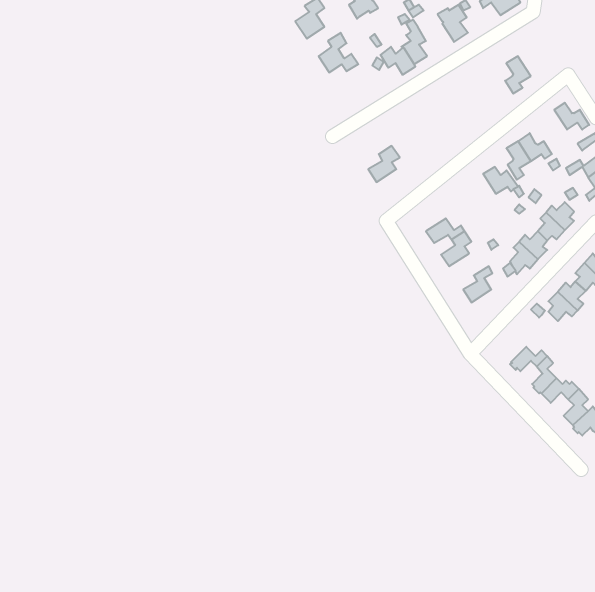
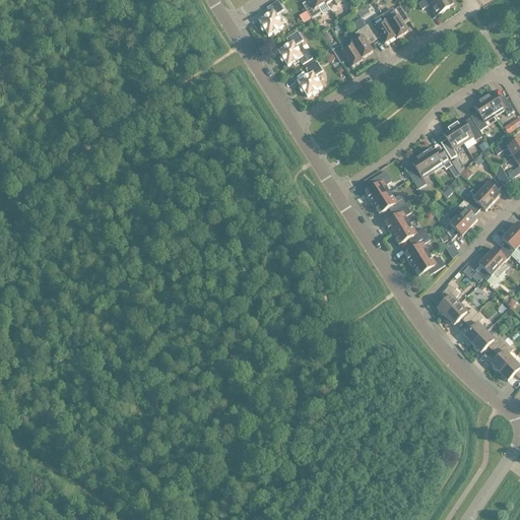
building: none -> [365,12,395,42]
building: [505,56,531,94] -> [472,95,495,128]
building: none -> [298,59,323,94]
building: [368,146,400,182] -> [365,170,392,201]
building: none -> [410,151,433,187]
building: none -> [392,220,427,243]
building: none -> [411,252,445,273]
building: none -> [437,282,459,315]

